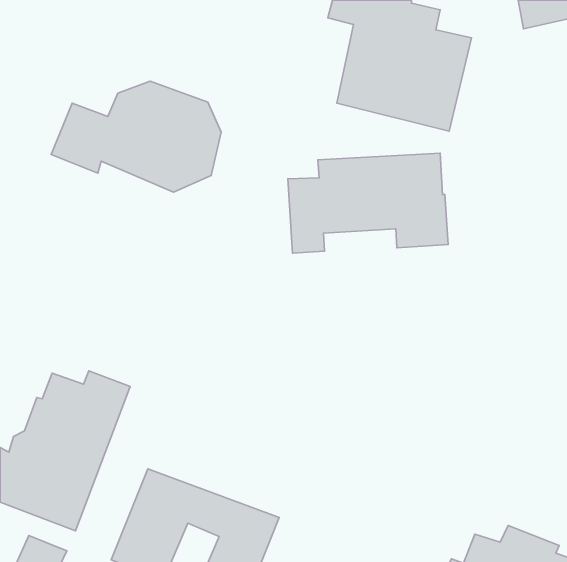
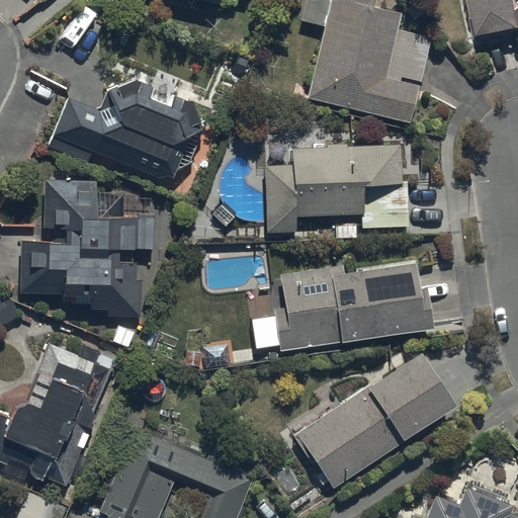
building: none -> [19,179,154,320]
building: none -> [272,260,432,352]
building: none -> [298,351,453,490]

